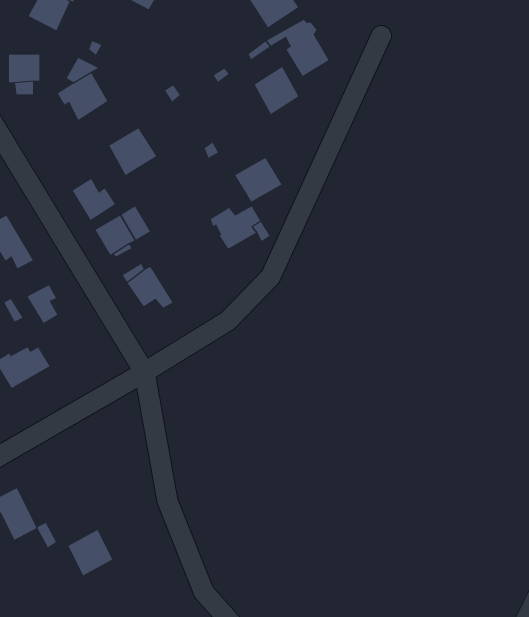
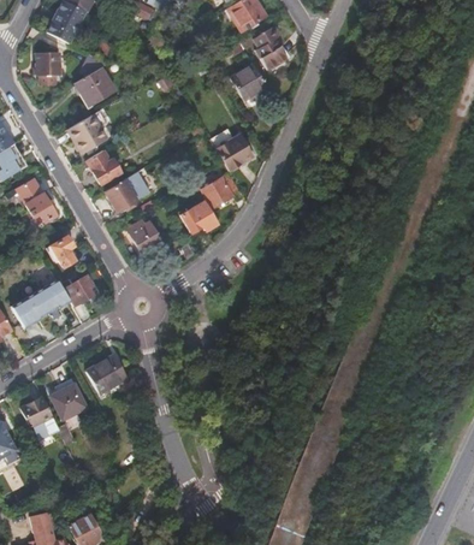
building: [109,127,157,176] -> [69,114,107,153]
building: none -> [180,202,214,232]
building: none -> [60,274,93,306]
building: none -> [87,354,128,392]
building: [68,529,113,576] -> [51,383,87,420]

